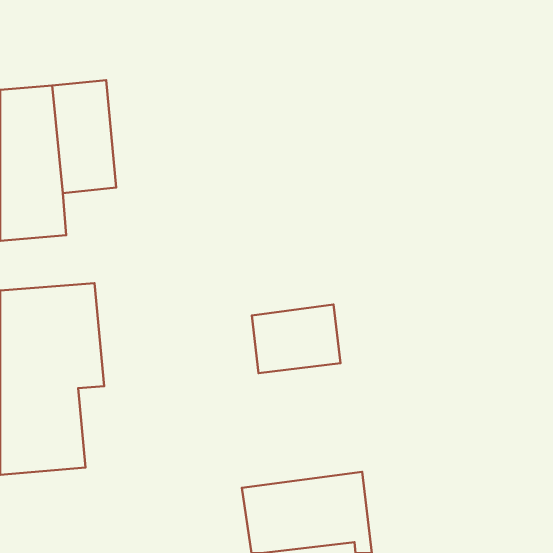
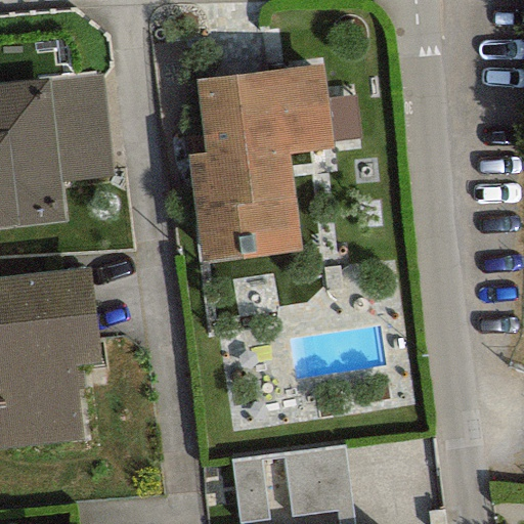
building: none -> [187,66,331,261]
building: [252,305,341,373] -> none

